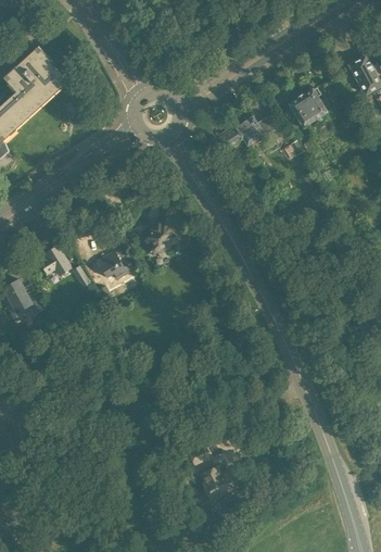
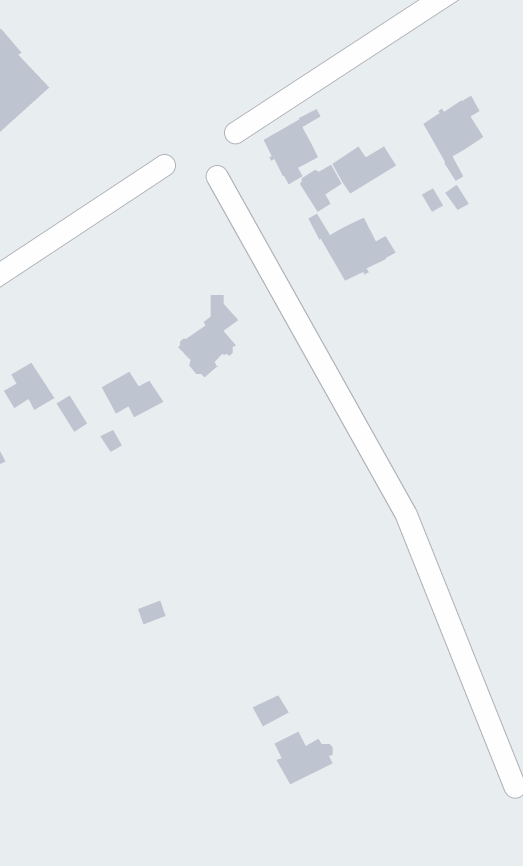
building: none -> [263,108,321,186]
building: none -> [307,213,396,281]

